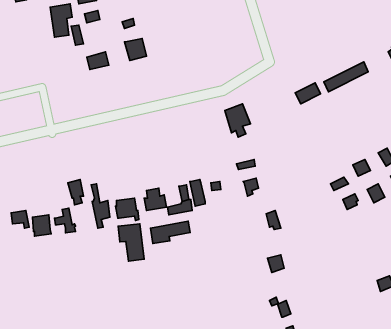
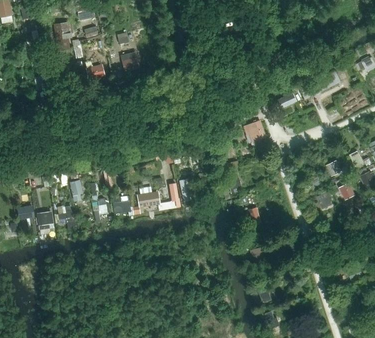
building: [225,104,250,137] -> [243,120,266,150]
building: [151,221,190,244] -> none
building: [118,224,144,261] -> none

